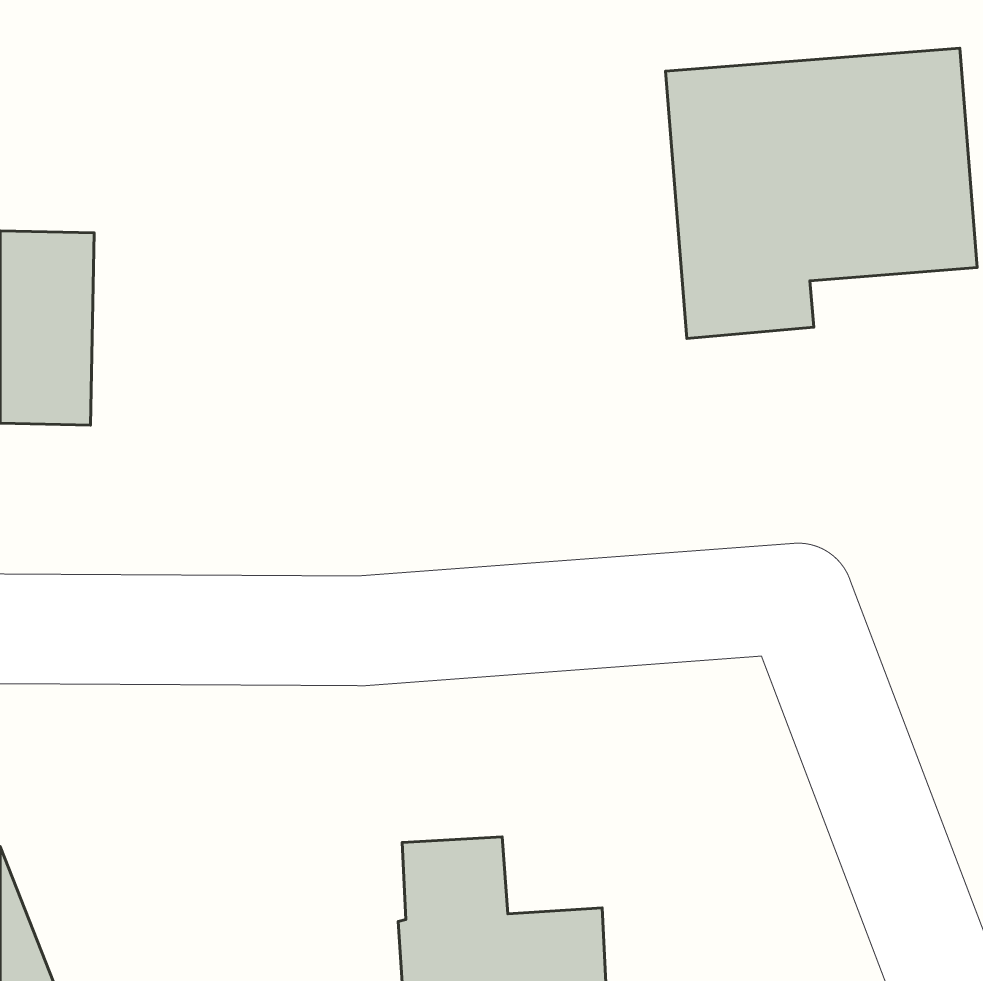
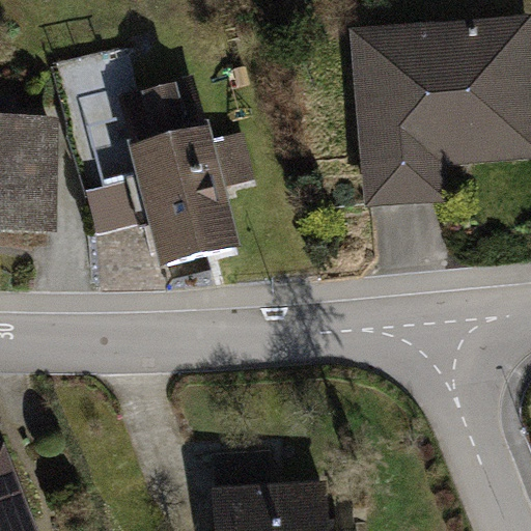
building: none -> [127,90,250,267]

